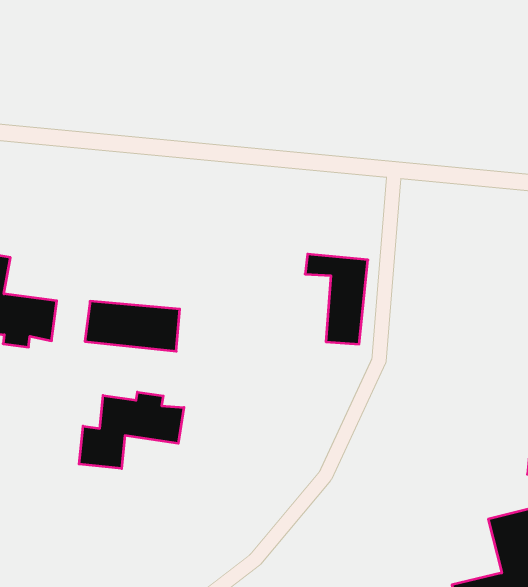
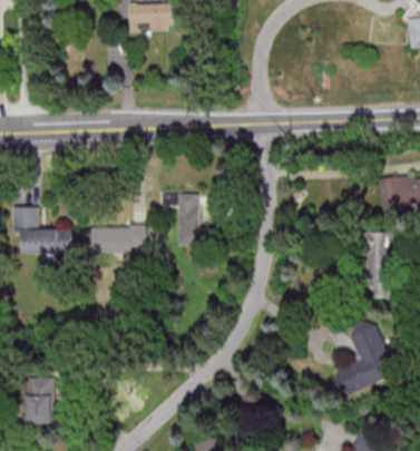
building: [305,254,368,344] -> [160,193,198,245]
building: [79,392,184,469] -> none

